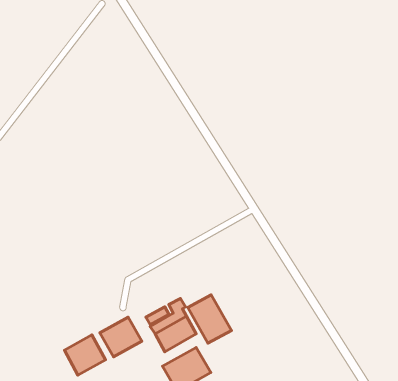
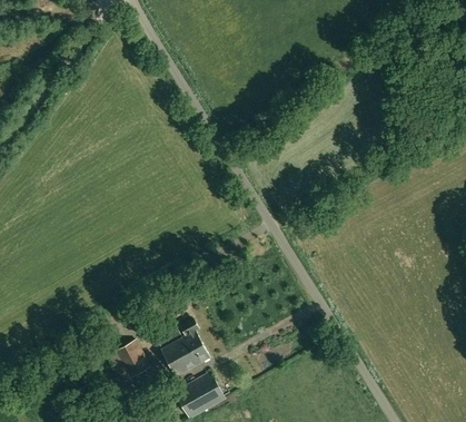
building: [188,295,231,343] -> none
building: [64,335,105,375] -> none

